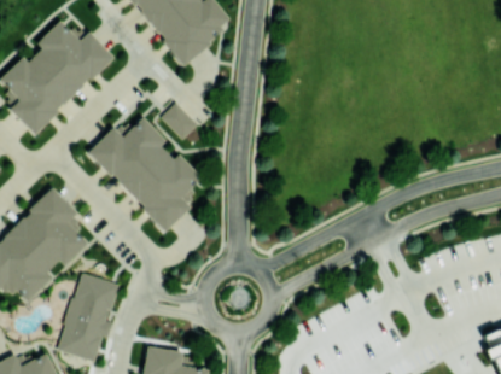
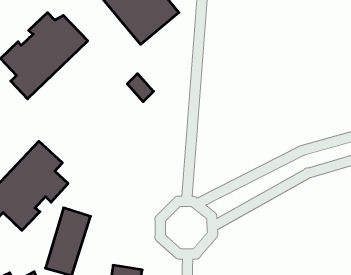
building: [91,118,200,227] -> none

